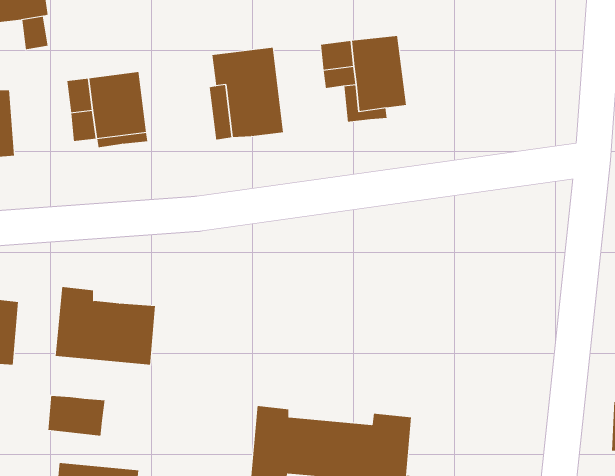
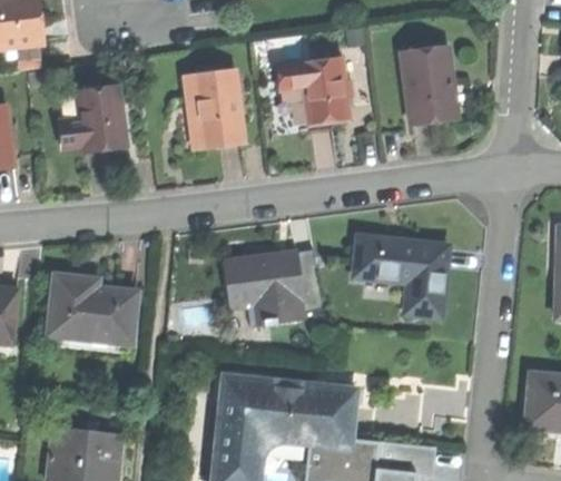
building: none -> [402,43,460,124]
building: none -> [354,235,450,316]
building: none -> [225,249,305,324]
building: [48,395,105,437] -> none

